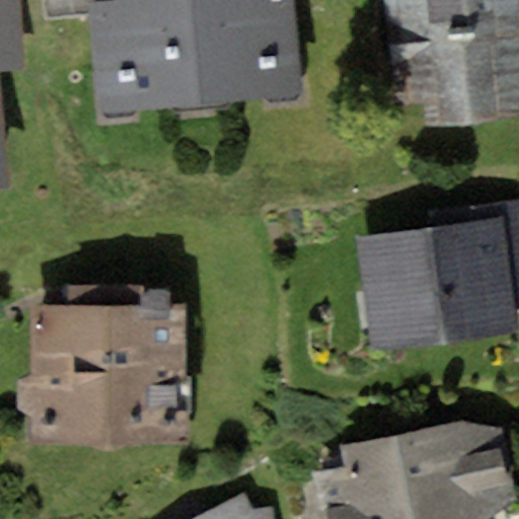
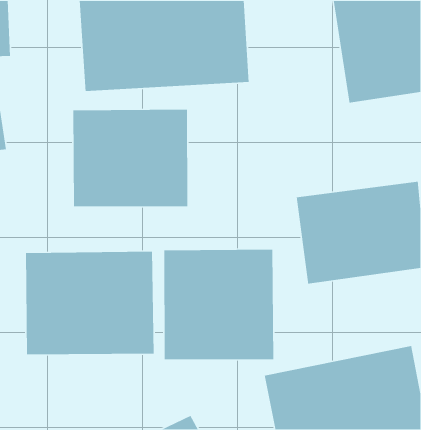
building: none -> [73,109,188,207]
building: none -> [163,249,274,360]

